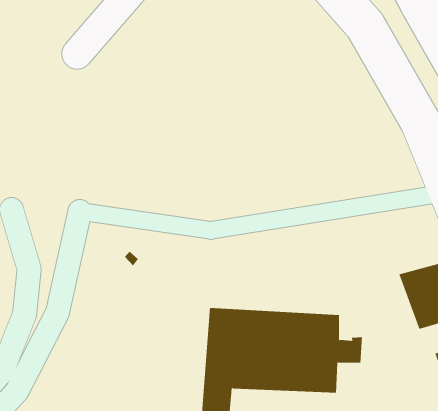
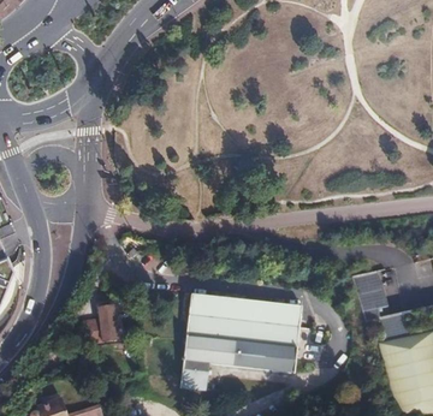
building: none -> [82,304,117,345]

